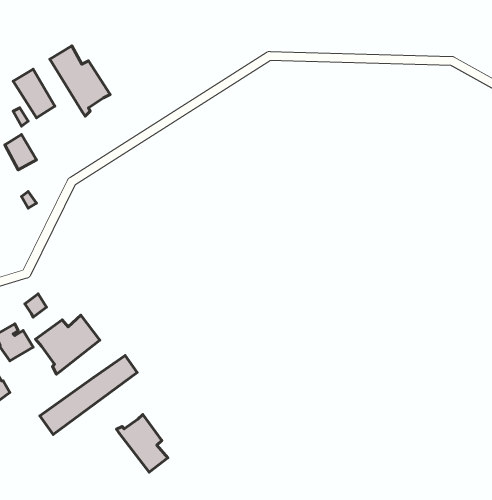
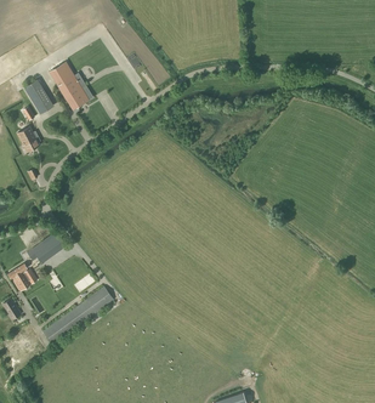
building: [36,315,100,374] -> none
building: [116,414,168,472] -> none

